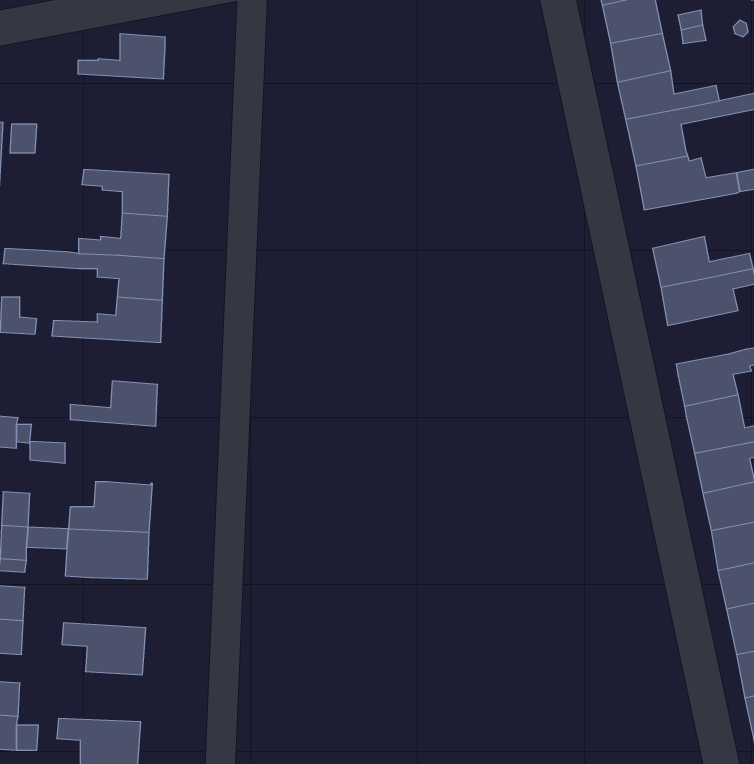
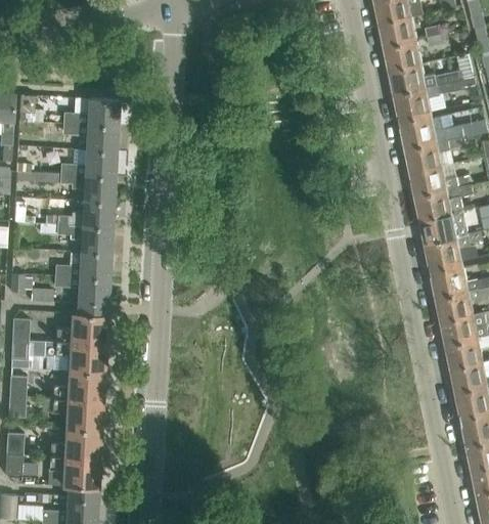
building: [78,34,165,79] -> [63,98,117,126]
building: none -> [405,137,463,171]
building: none -> [419,209,468,242]
building: none -> [40,224,110,254]
building: none -> [54,275,107,315]
building: none -> [51,372,102,402]
building: none -> [48,429,99,460]

